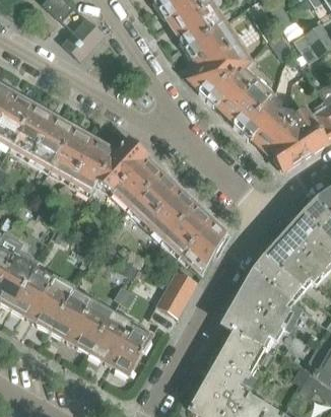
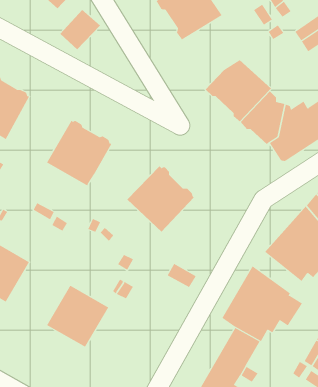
building: [184,24,248,97] -> none
building: [10,105,74,169] -> none
building: [97,138,161,206] -> none
building: [163,204,226,275] -> none
building: [253,258,302,298] -> none
building: [10,268,73,330] -> none
building: [156,281,191,316] -> none
building: [88,312,151,374] -> none

